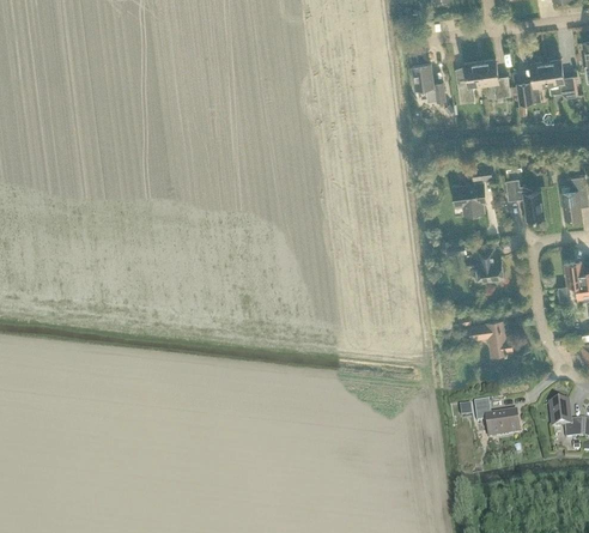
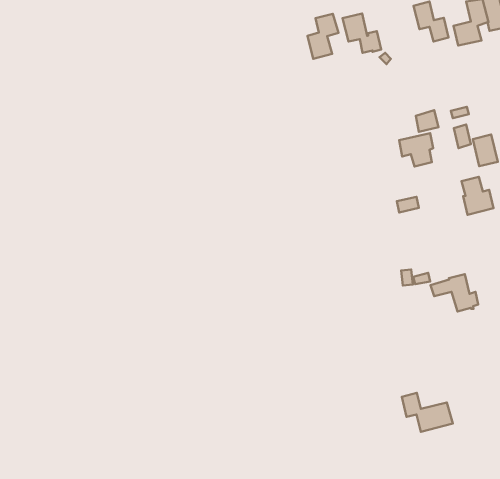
building: none -> [307,14,339,59]
building: [457,61,484,102] -> none
building: [476,247,504,281] -> [462,177,493,215]
building: [474,400,520,437] -> [402,393,453,432]

